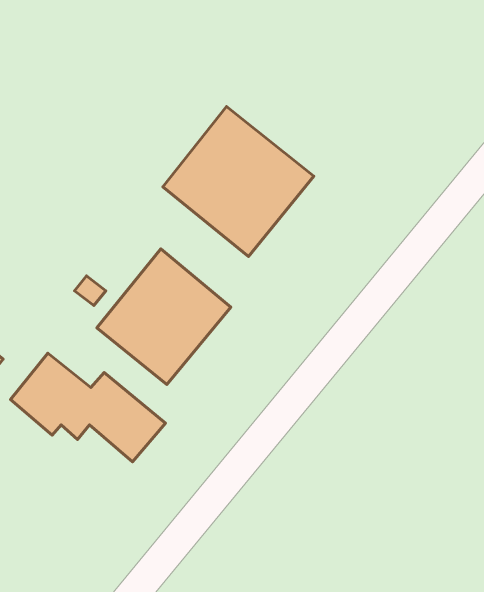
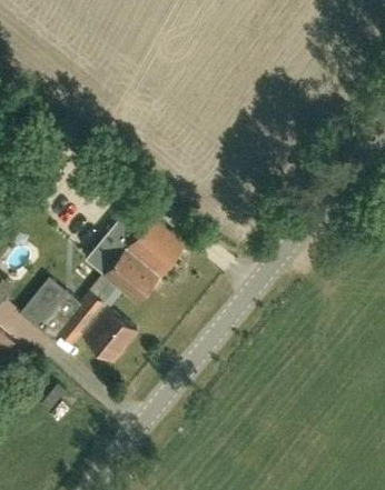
building: [163,106,314,257] -> none

